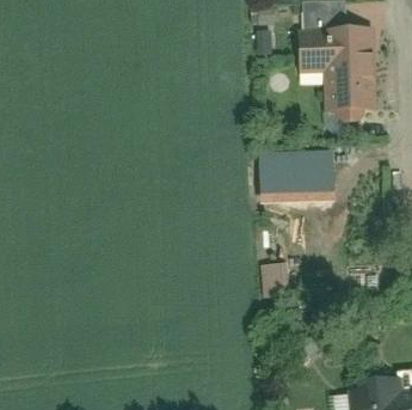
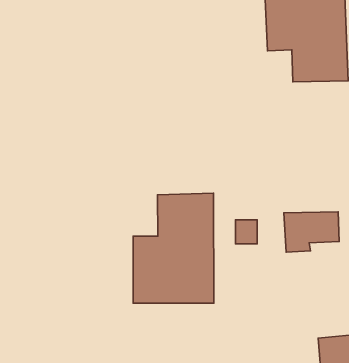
building: [264,163,321,204] -> [284,212,339,252]
building: none -> [133,193,214,303]

